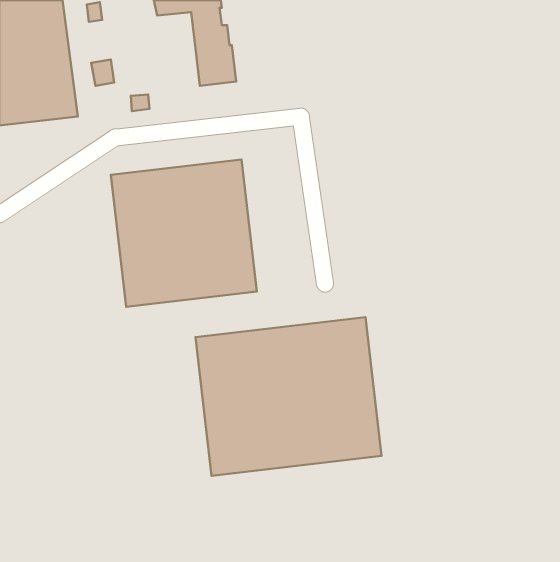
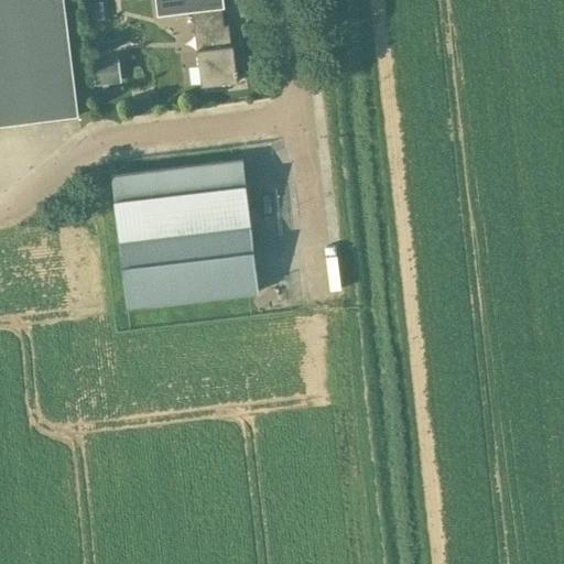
building: [195,317,382,476] -> none

